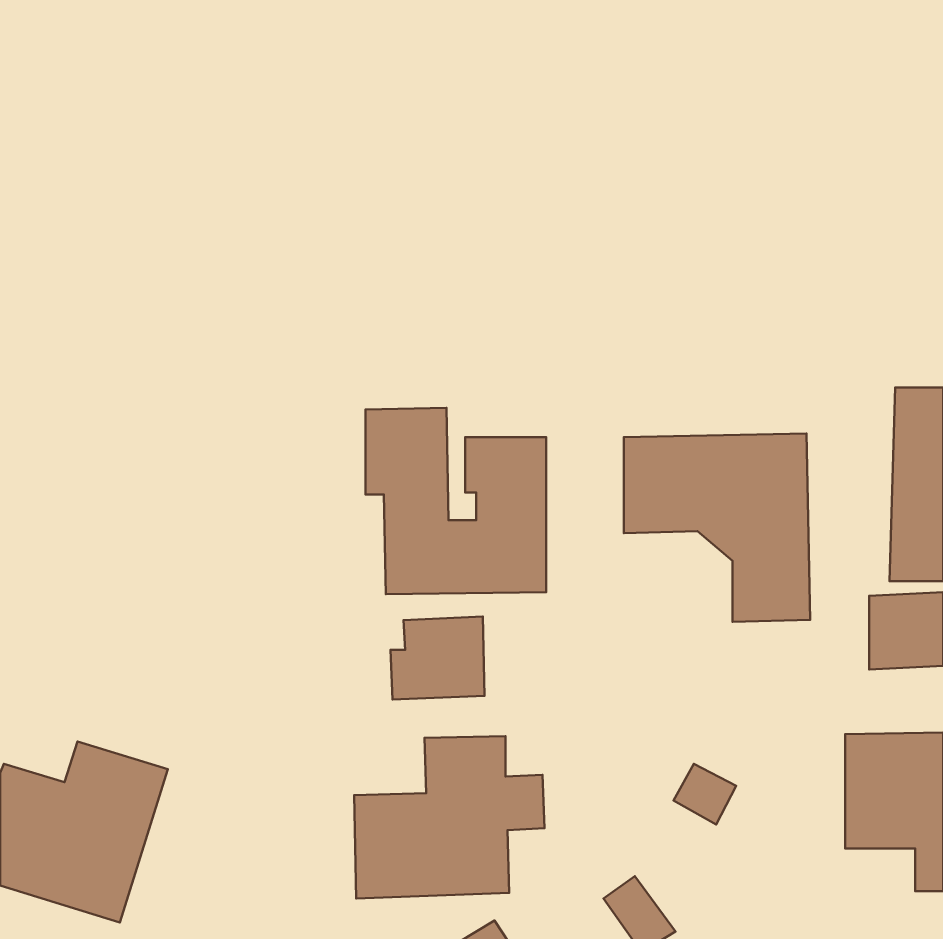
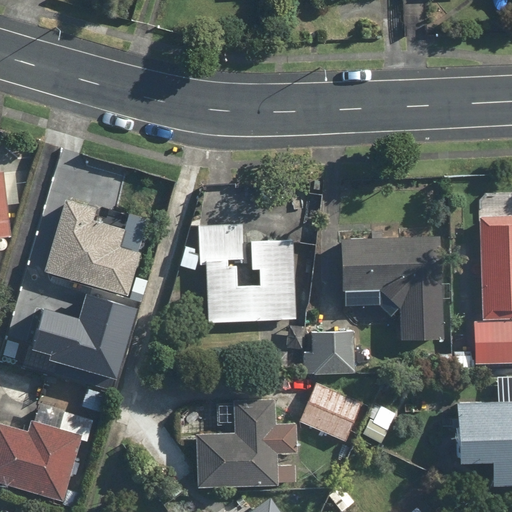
building: none -> [47,199,146,297]
building: none -> [25,295,132,376]
building: [391,617,485,700] -> [305,330,356,375]
building: none -> [300,387,359,441]

